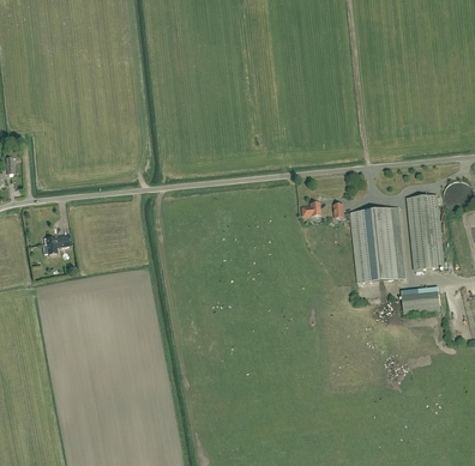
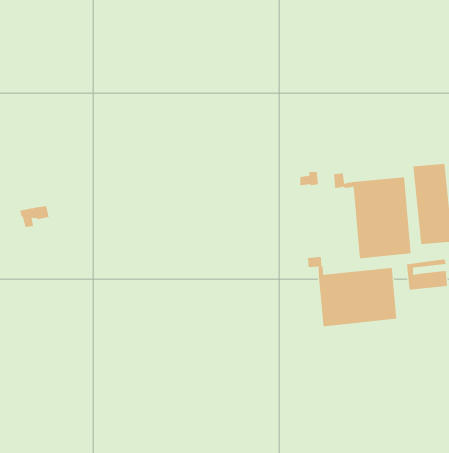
building: none -> [307,256,397,327]

